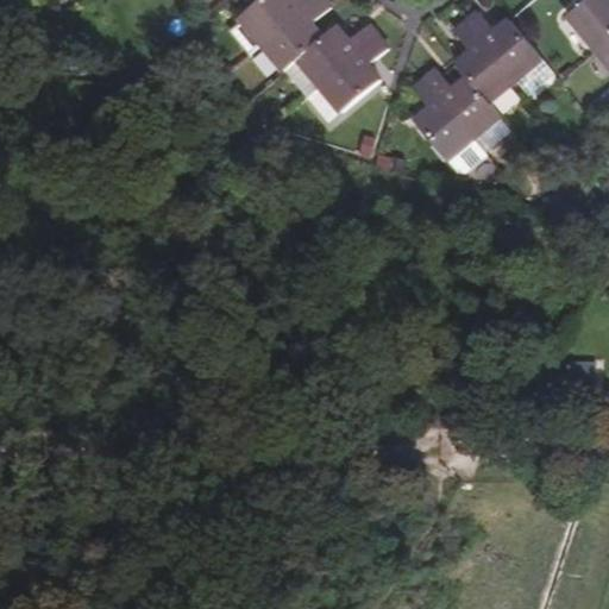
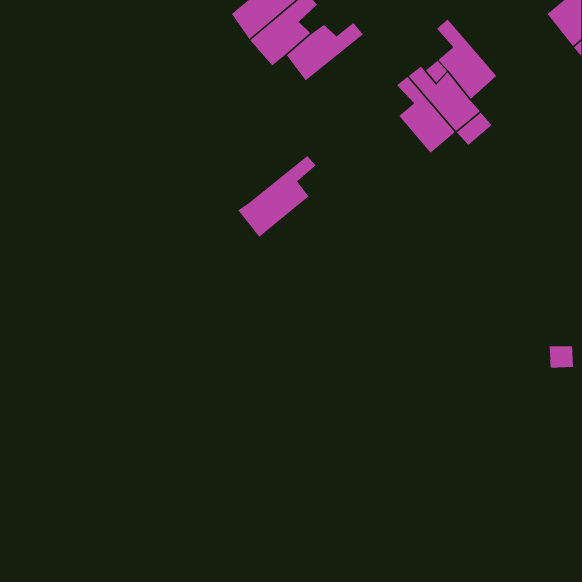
building: [464,10,540,79] -> none
building: [304,36,387,121] -> [237,155,316,238]

